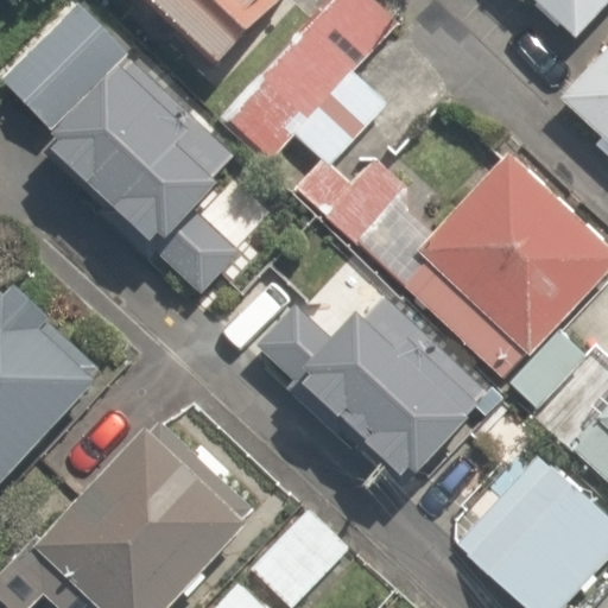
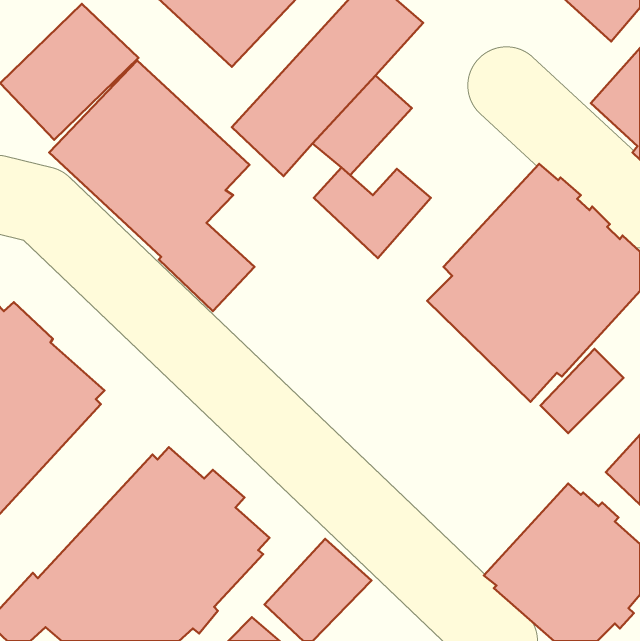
building: [254,294,487,484] -> none

